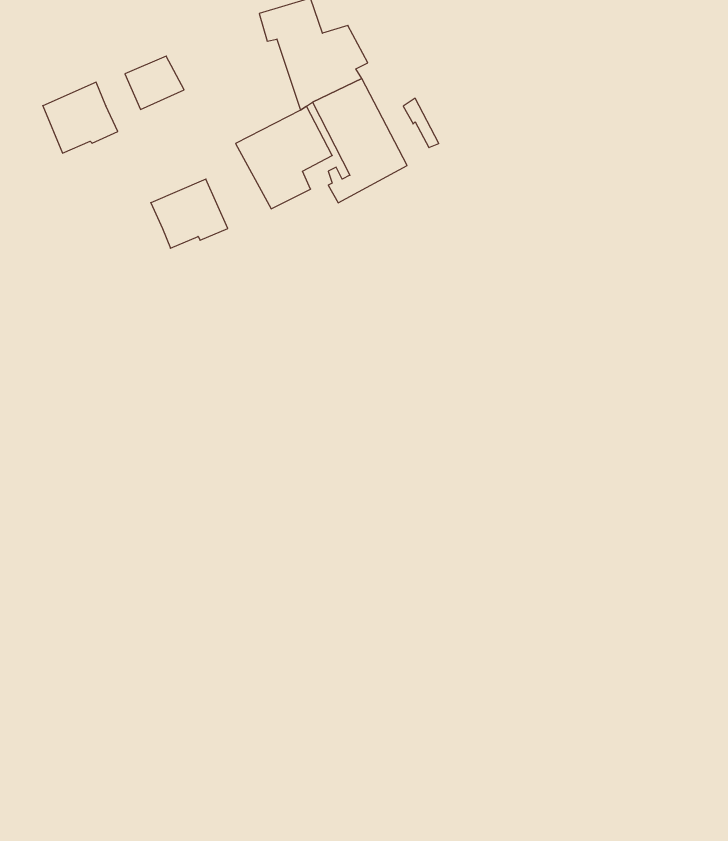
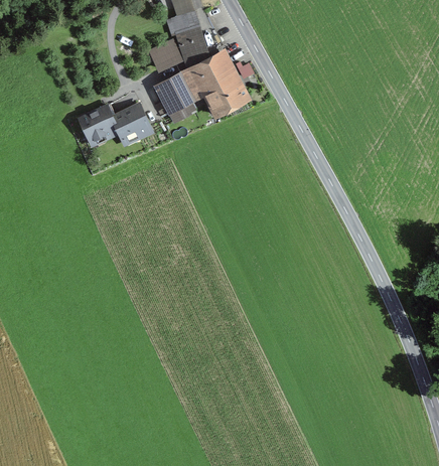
building: [125,56,184,109] -> [151,41,181,68]
building: [43,82,118,153] -> [81,106,119,142]

